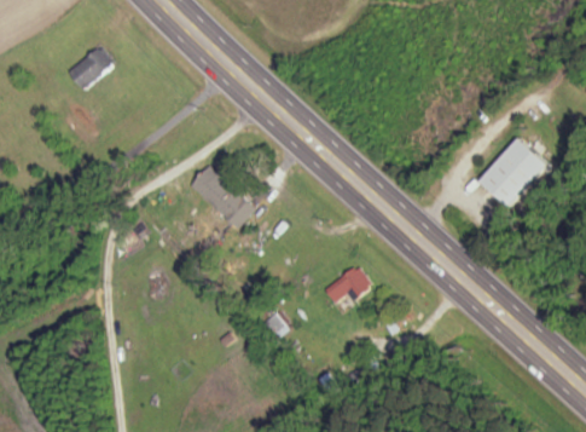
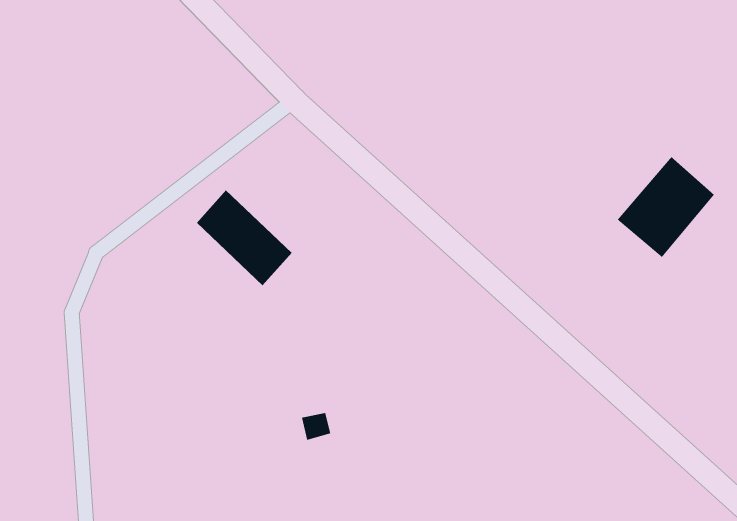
building: [68,46,111,90] -> none
building: [323,265,371,301] -> none

